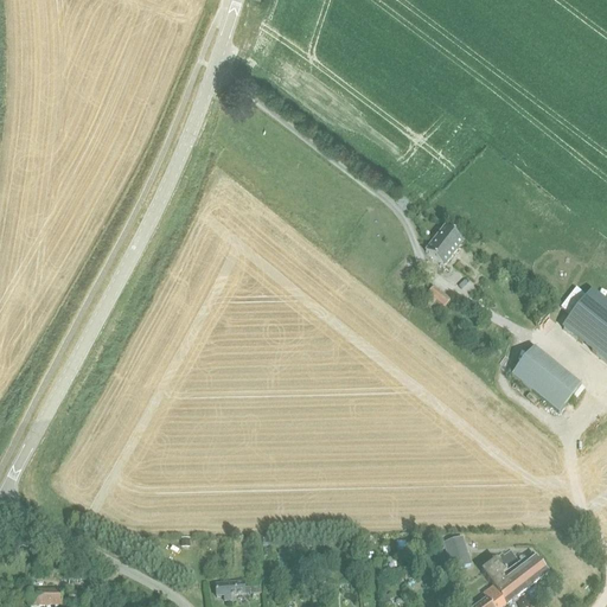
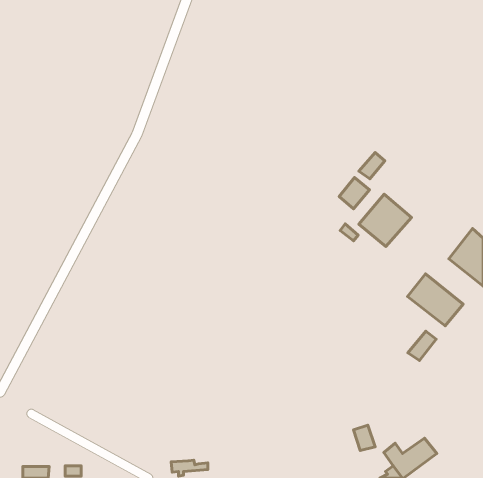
building: none -> [359,153,385,179]
building: none -> [359,194,412,246]
building: none -> [408,331,436,360]

